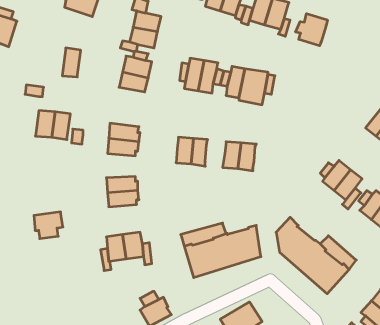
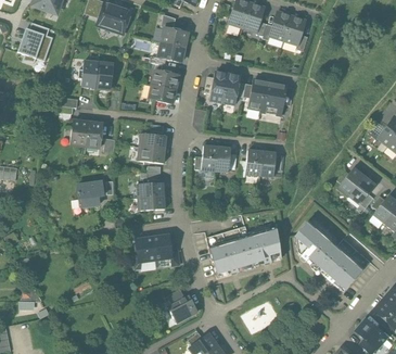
building: [296,14,327,46] -> none
building: none -> [78,60,99,89]
building: [34,212,63,239] -> [77,181,104,206]

